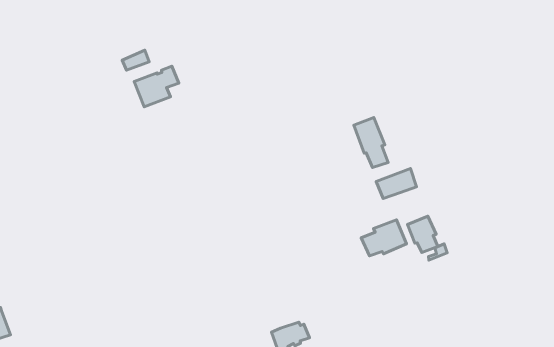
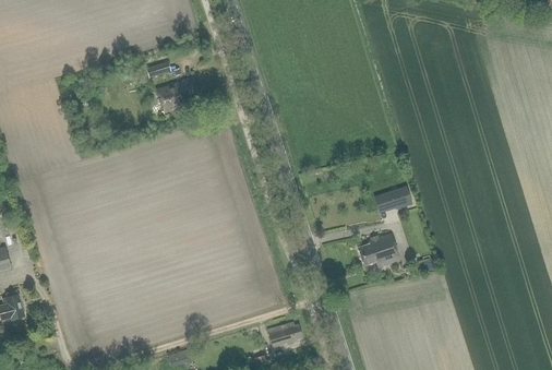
building: [354,118,388,167] -> none
building: [407,216,438,252] -> none

